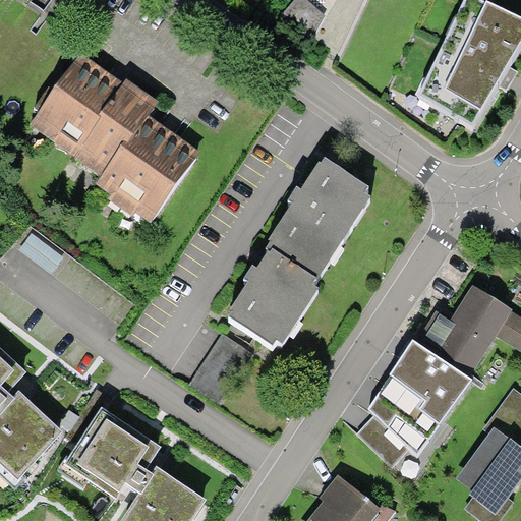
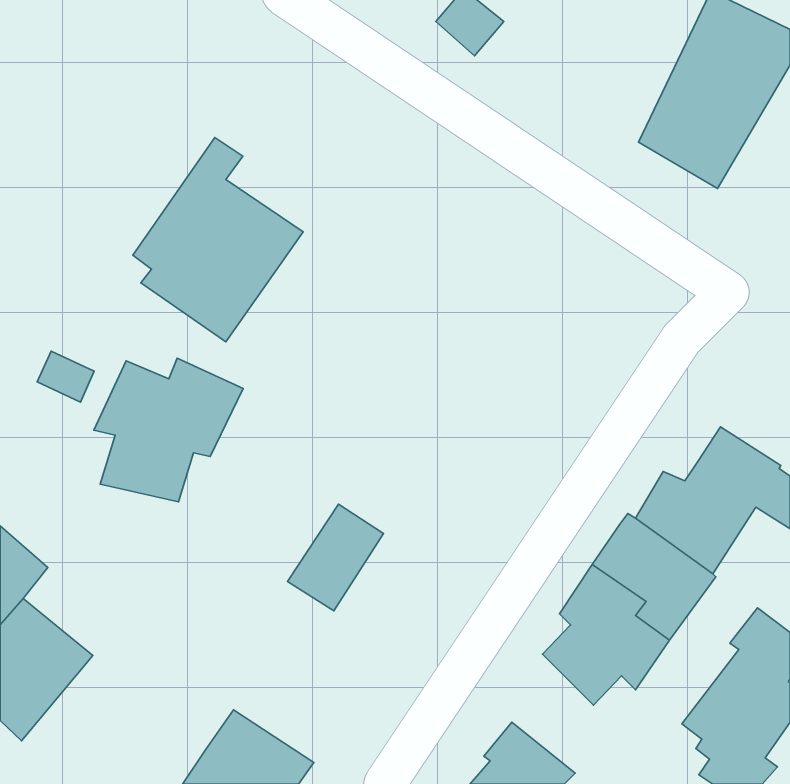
building: [28,56,141,168] -> none
building: [228,157,371,347] -> none
building: none -> [94,358,243,502]
building: [63,407,165,501] -> none

